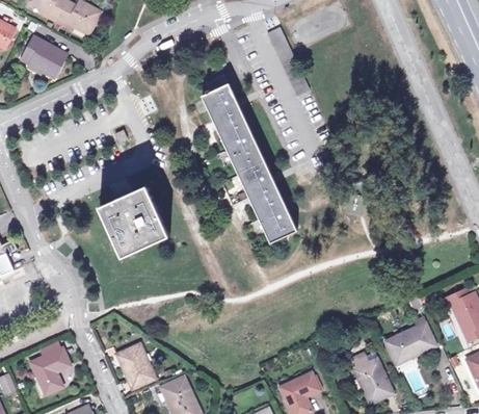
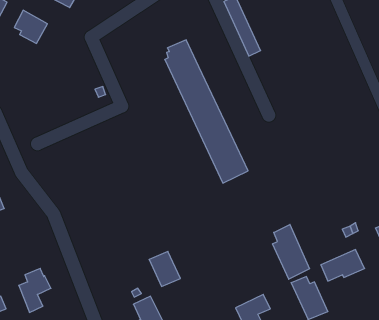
building: [102,184,171,252] -> none
building: none -> [273,224,310,279]
building: [115,344,152,385] -> [149,251,180,286]

